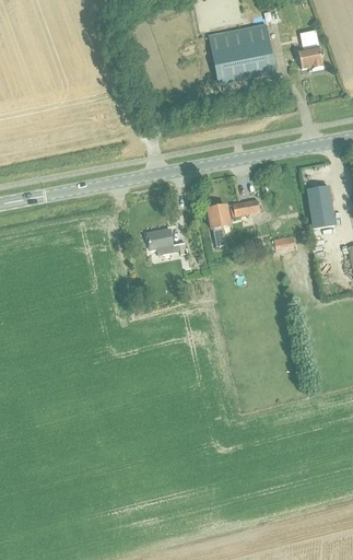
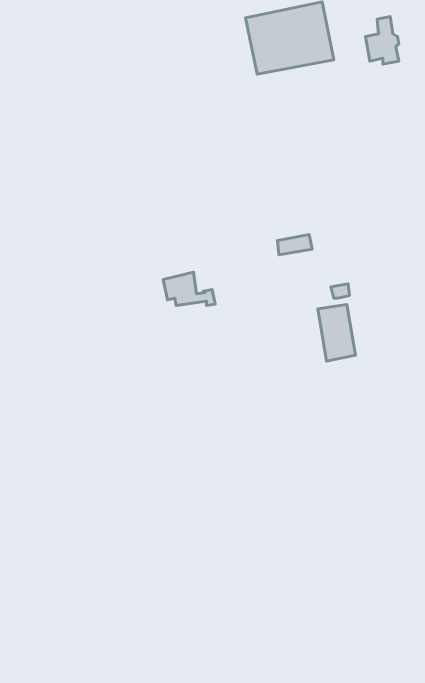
building: [306,185,334,228] -> [318,305,356,361]
building: [208,203,230,244] -> none

